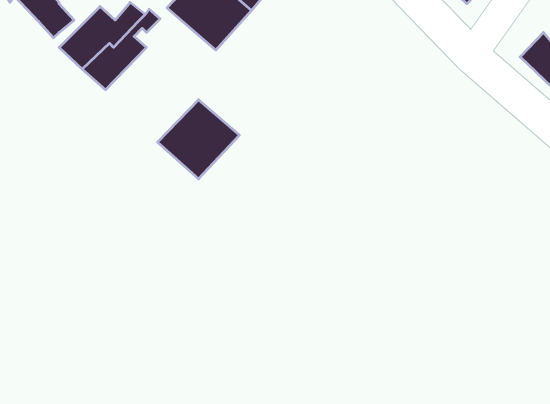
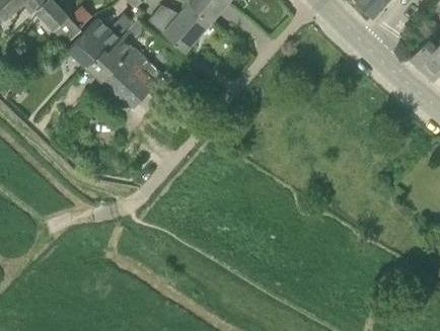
building: [158,100,239,179] -> [103,49,164,107]

